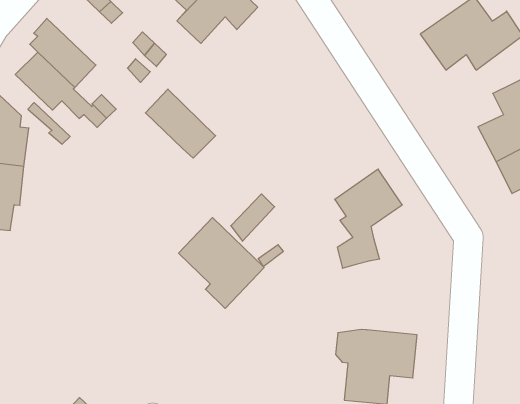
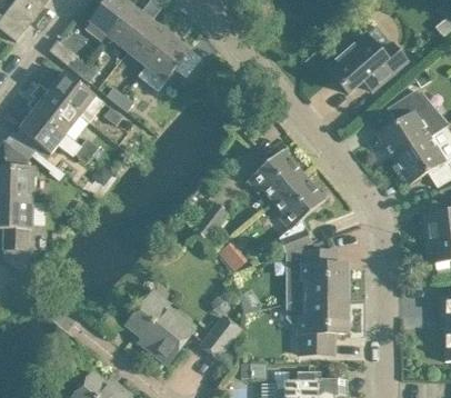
building: [145,89,216,158] -> [49,70,104,121]
building: none -> [248,149,304,200]
building: [179,218,264,308] -> [127,295,193,364]
building: none -> [285,245,347,302]
building: none -> [201,316,239,357]

